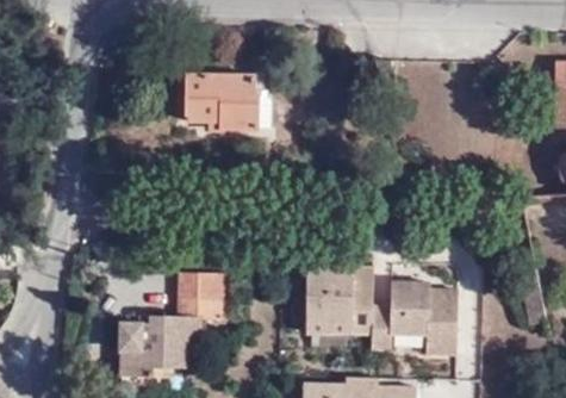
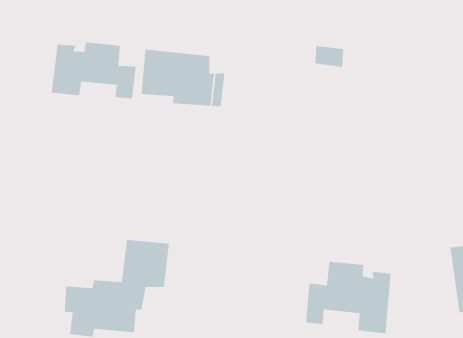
building: none -> [51,42,136,99]
building: [305,266,373,331] -> none

